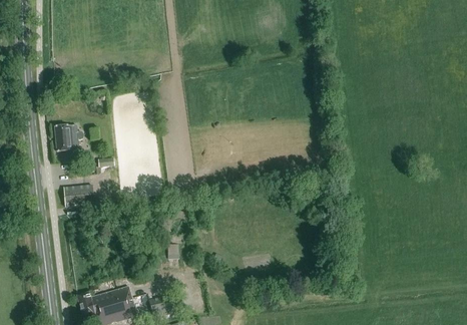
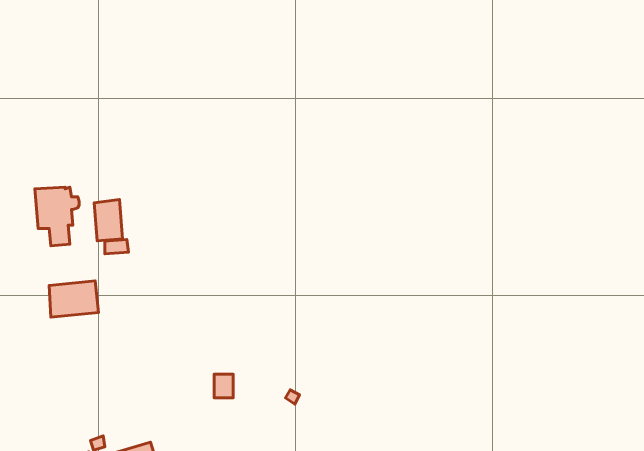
building: none -> [94,199,123,241]

